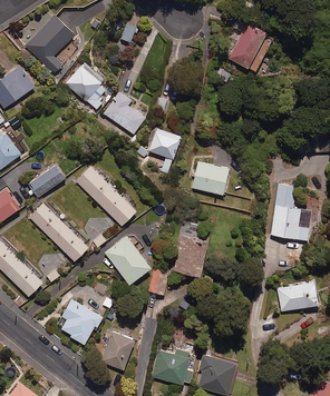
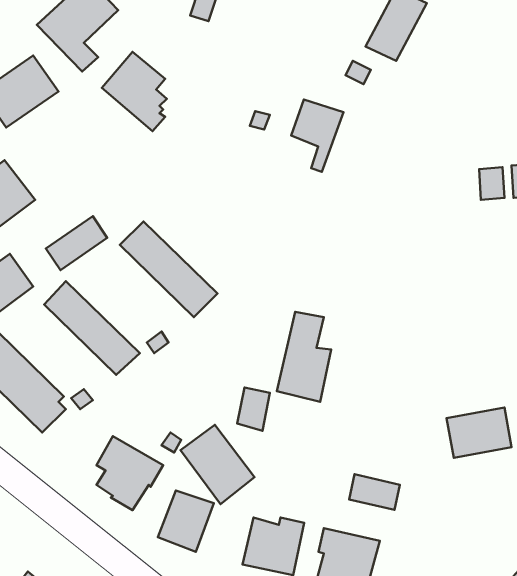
building: [103,90,144,133] -> none
building: [147,128,179,172] -> [291,100,344,172]
building: [190,161,227,194] -> none
building: [270,184,310,240] -> none
building: [104,236,149,285] -> [181,425,255,504]
building: none -> [349,474,400,510]

